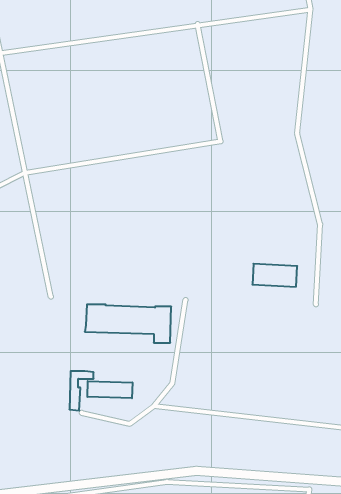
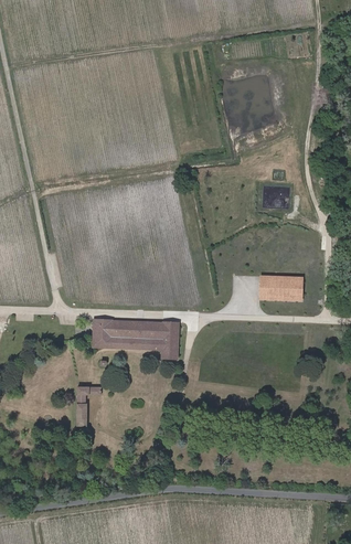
building: [87,381,132,398] -> none

